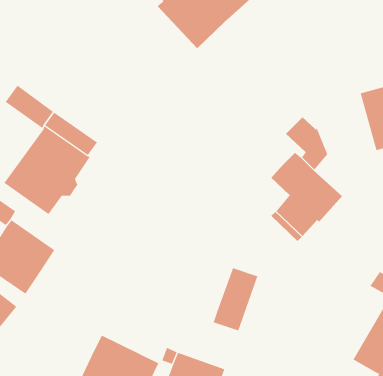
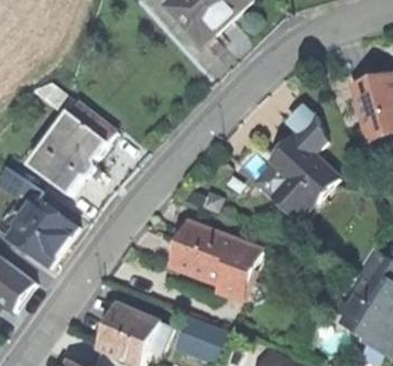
building: none -> [173,227,234,282]

